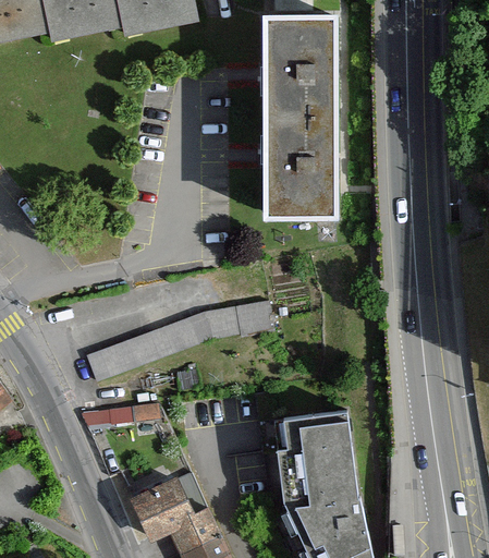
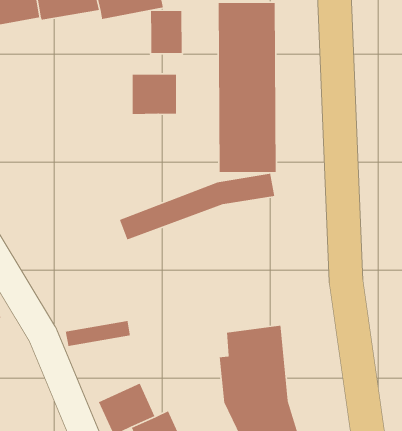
building: none -> [150,10,182,54]
building: none -> [132,74,177,115]
building: [86,299,272,379] -> [119,173,275,241]

